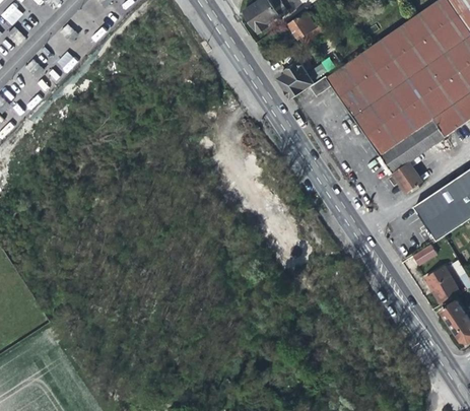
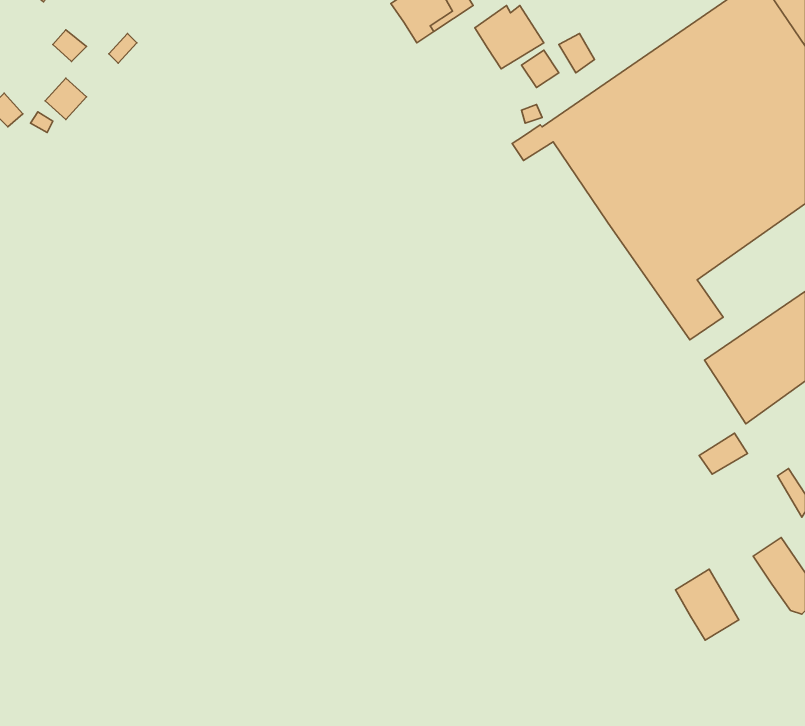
building: [278,61,316,99] -> none
building: [425,267,460,305] -> [675,569,739,640]

